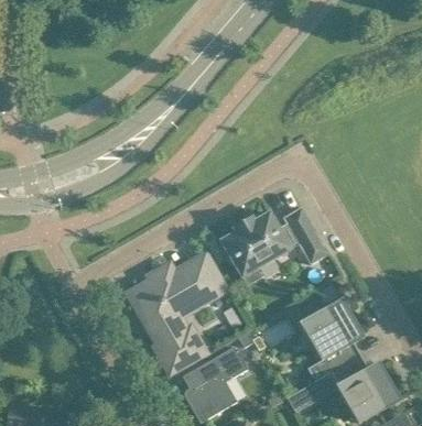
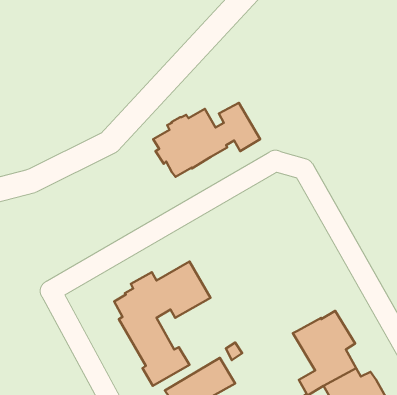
building: [220,208,321,277] -> [153,103,260,177]

